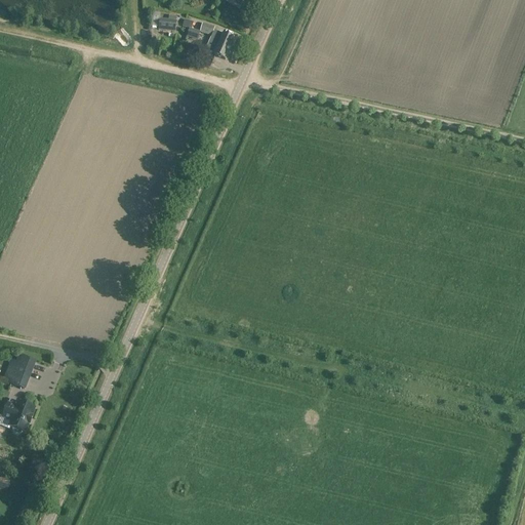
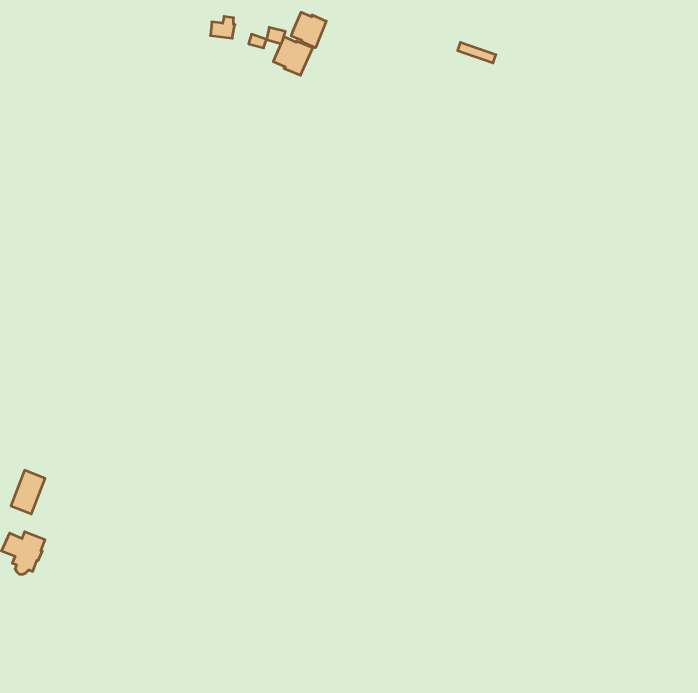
building: none -> [291,12,326,48]

